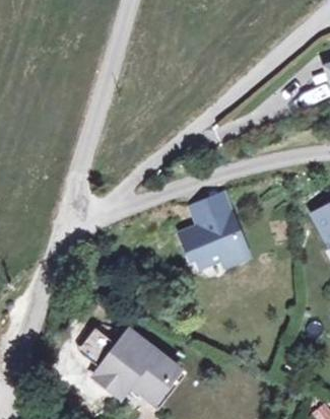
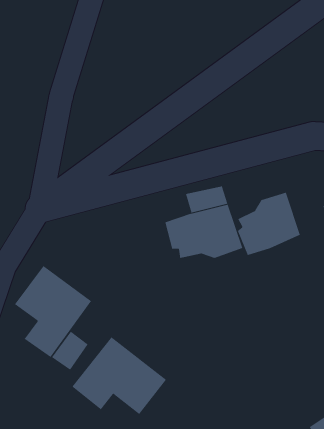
building: none -> [237,192,300,256]
building: none -> [14,265,92,358]

